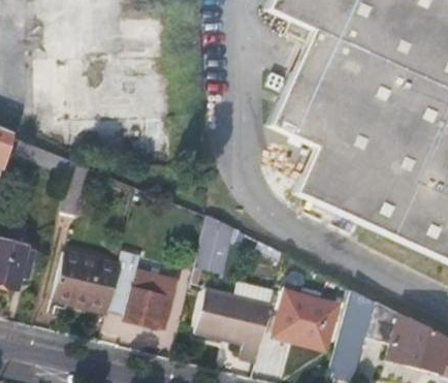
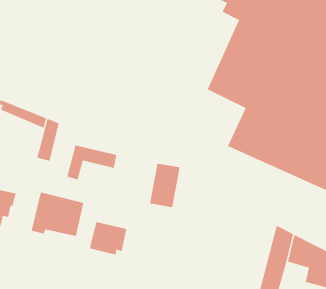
building: [114,266,175,310] -> [66,145,117,180]
building: [196,288,271,354] -> none
building: [277,292,337,349] -> none

